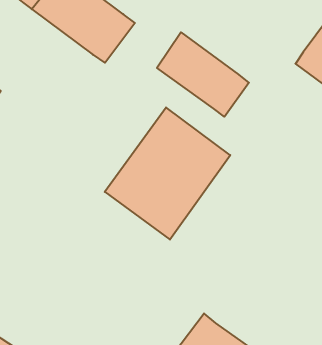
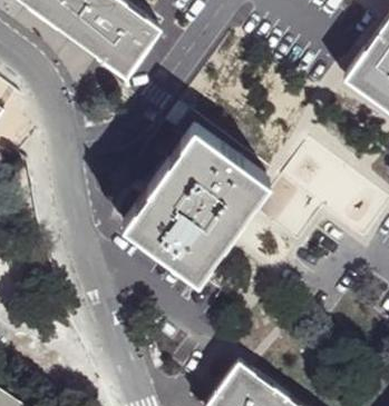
building: [157,32,249,117] -> none

